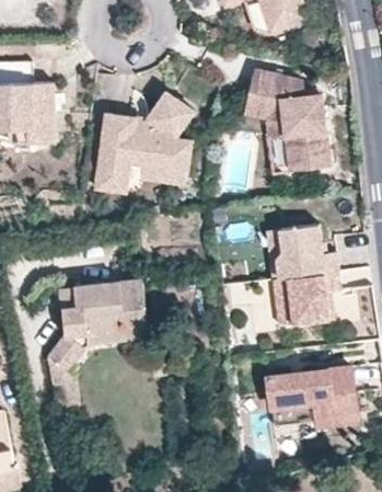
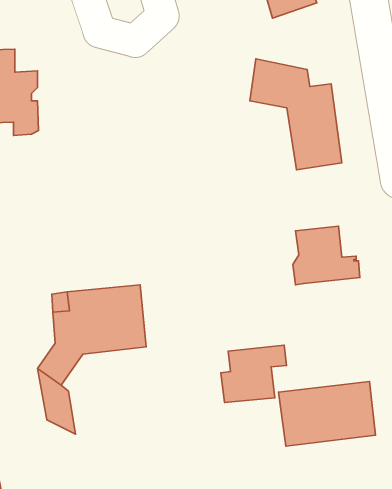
building: [96,95,192,175] -> none
building: [283,273,344,325] -> [221,345,287,403]

